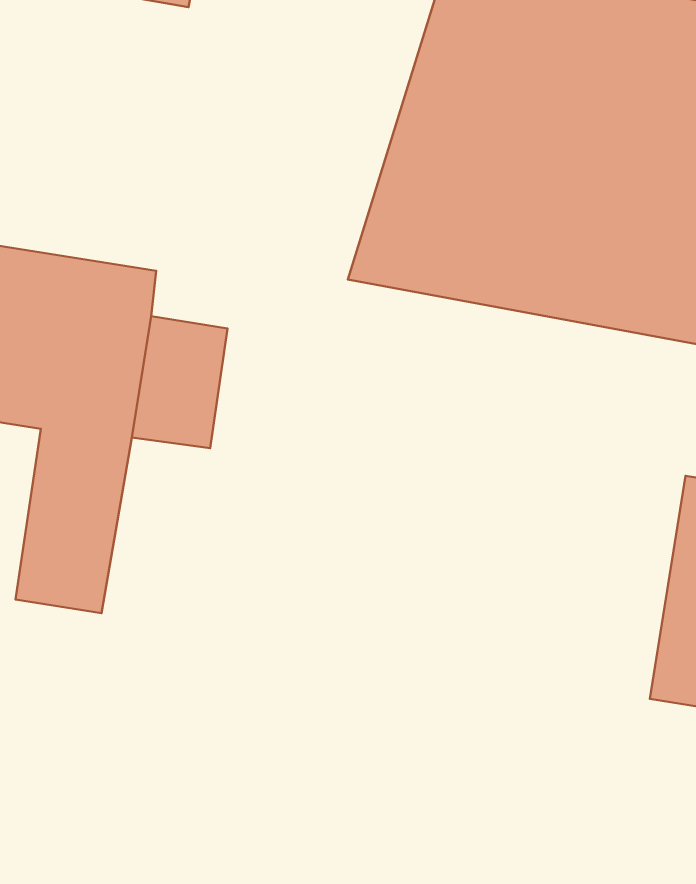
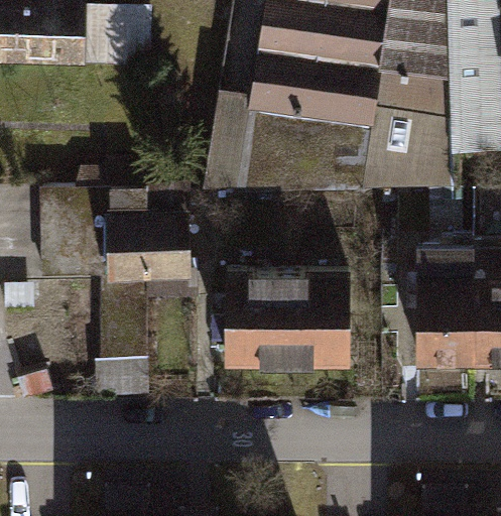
building: none -> [228,278,353,366]

